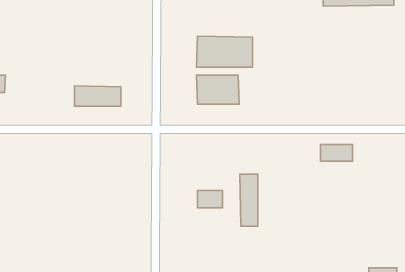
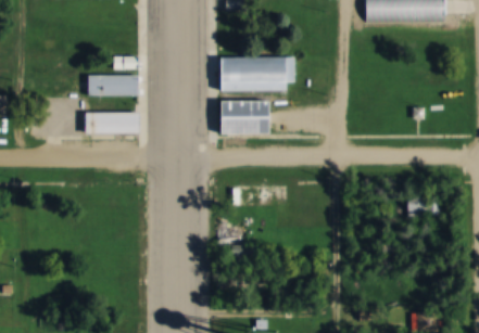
building: none -> [88,71,137,93]
building: [321,145,353,161] -> [408,198,444,217]
building: [240,174,258,226] -> none

